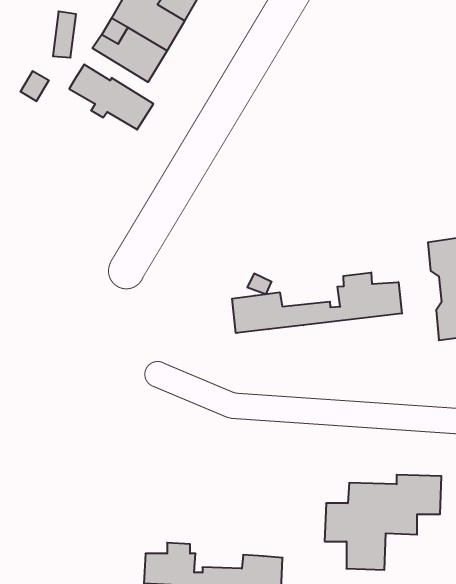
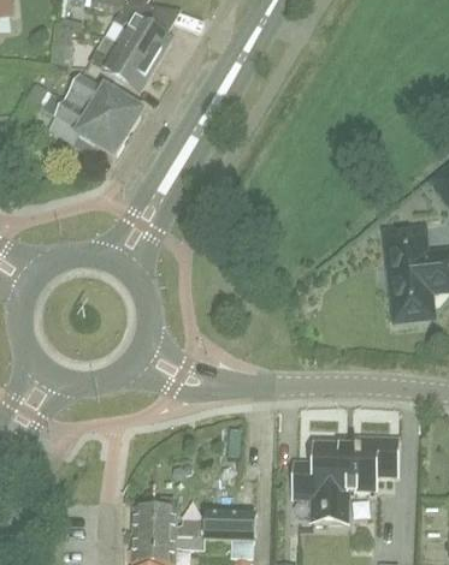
building: none -> [55,95,126,155]
building: [232,272,402,333] -> none

